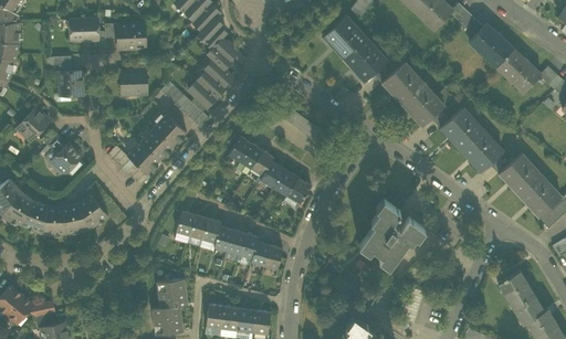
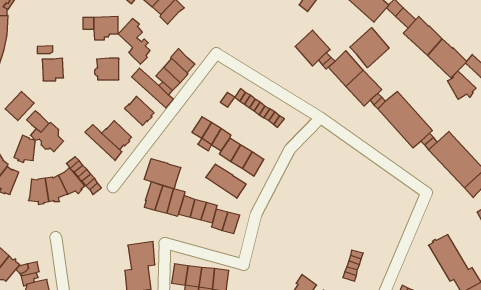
building: [325,17,366,57] -> none
building: [198,18,234,70] -> [118,18,150,64]
building: [70,19,98,42] -> none
building: none -> [350,28,389,68]
building: none -> [447,71,476,99]
building: [139,128,172,160] -> none
building: none -> [144,159,181,189]
building: none -> [206,164,246,198]
building: [358,199,424,267] -> none
building: [22,200,46,231] -> [14,135,35,162]

